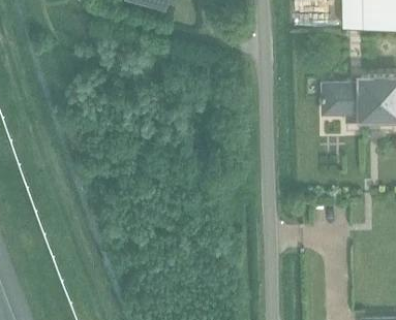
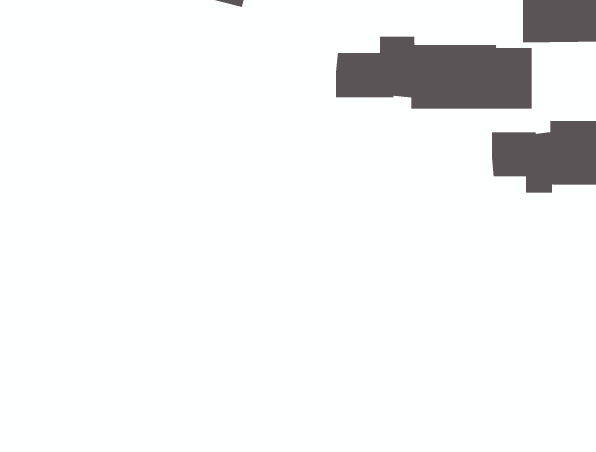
building: none -> [335,36,532,110]

